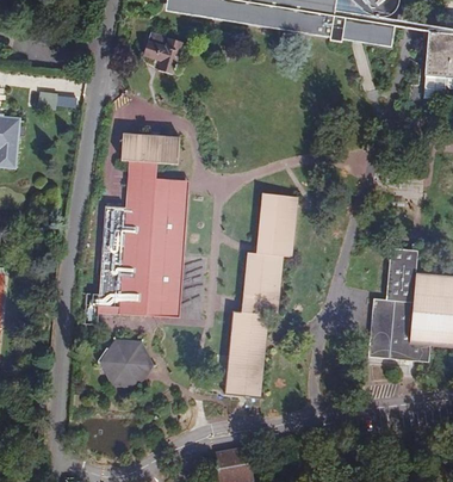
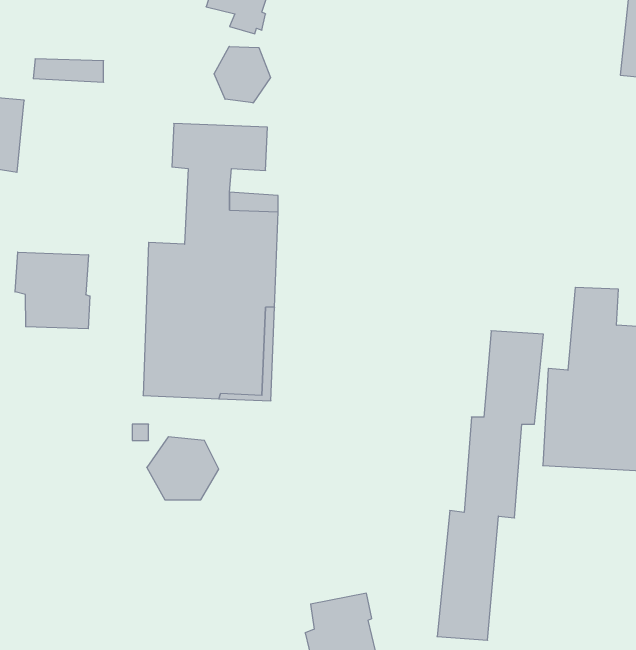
building: none -> [214,46,270,103]
building: [225,190,296,395] -> [437,331,543,640]
building: none -> [15,252,90,329]

